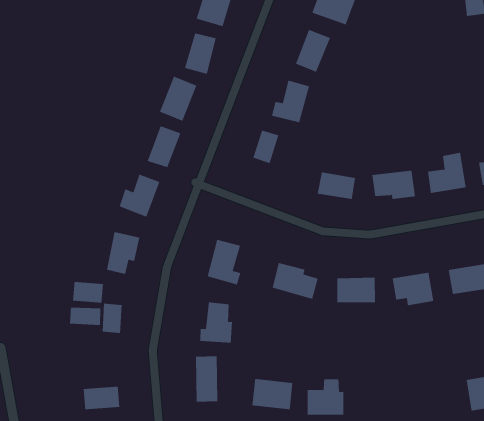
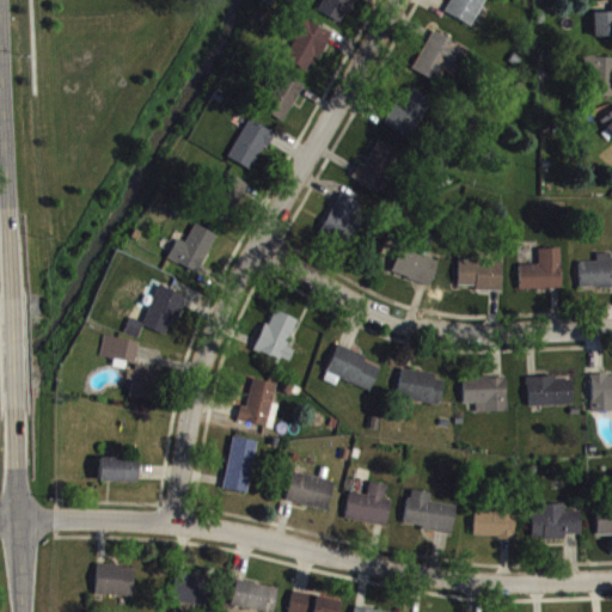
building: [69,307,101,326] -> none
building: none -> [405,490,457,532]
building: none -> [473,508,515,538]

